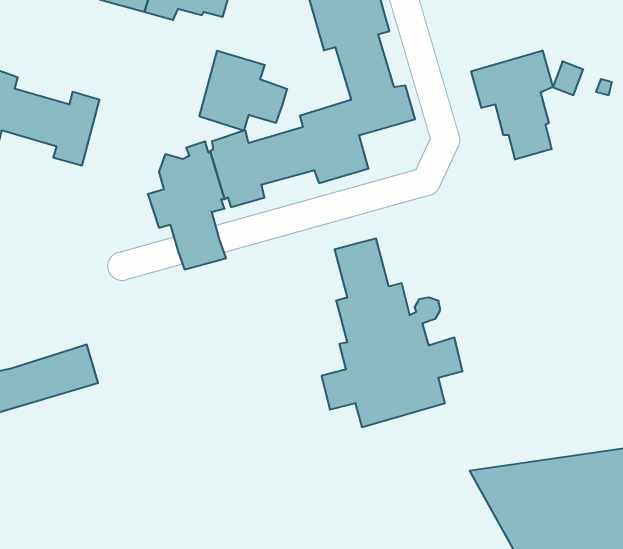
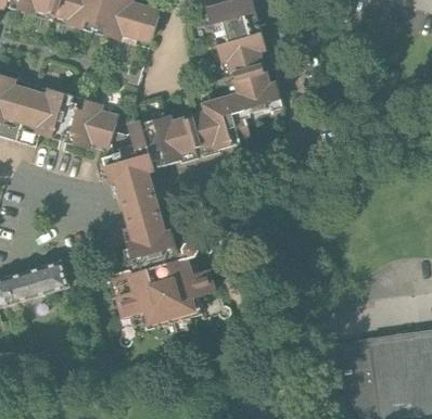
building: [471,50,553,160] -> none
building: [199,51,287,131] -> [56,94,116,149]
building: [322,238,463,427] -> [117,202,213,330]

